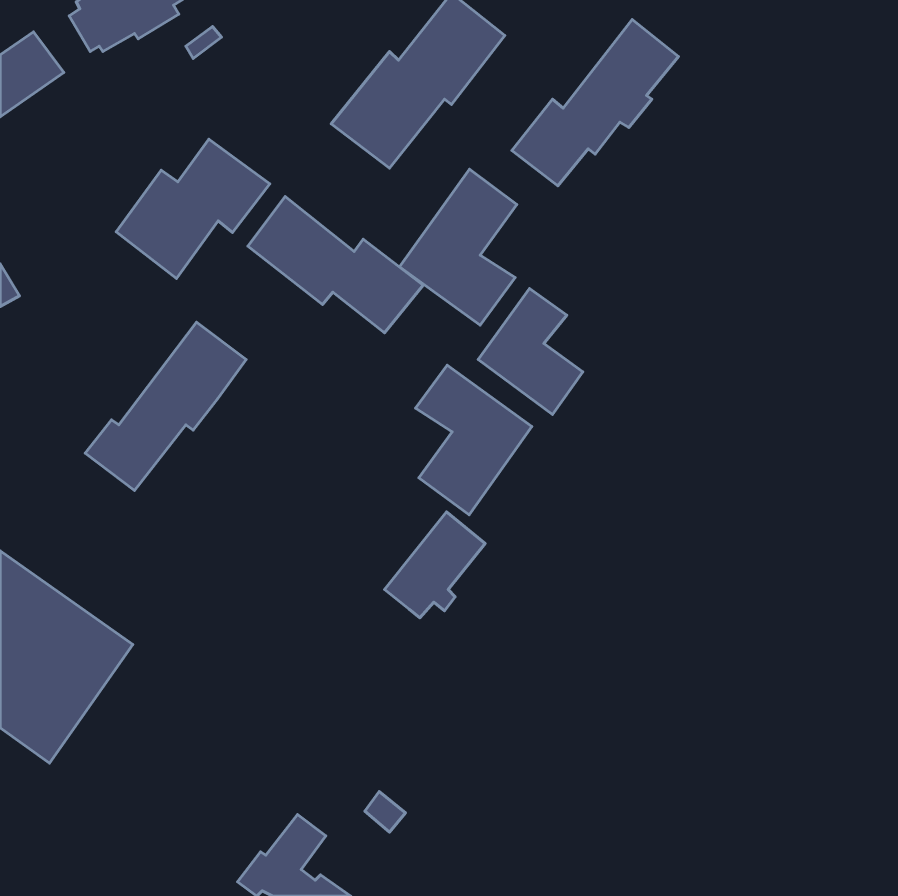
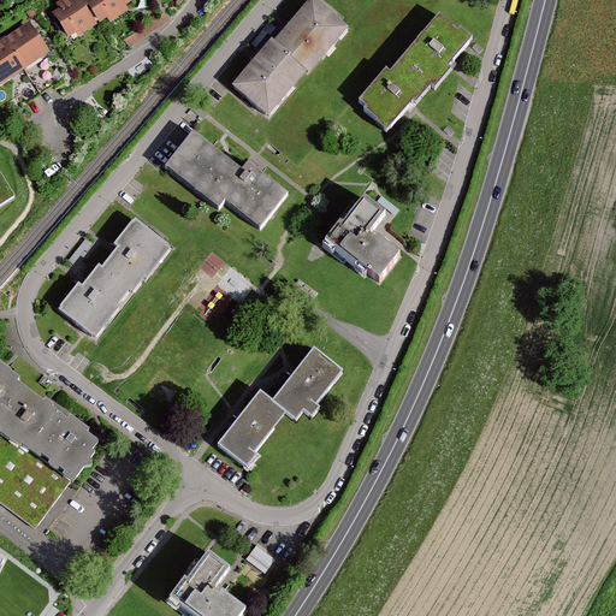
building: [116,139,270,278] -> none
building: [400,169,517,325] -> none
building: [415,365,532,515] -> none
building: none -> [214,392,283,464]

